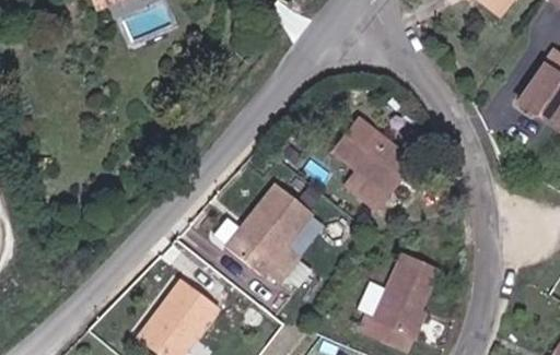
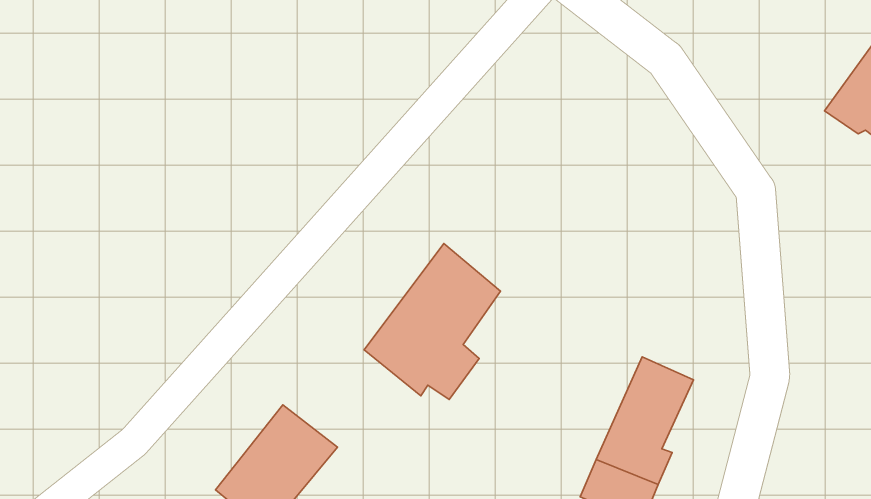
building: [336,115,413,203] -> none

